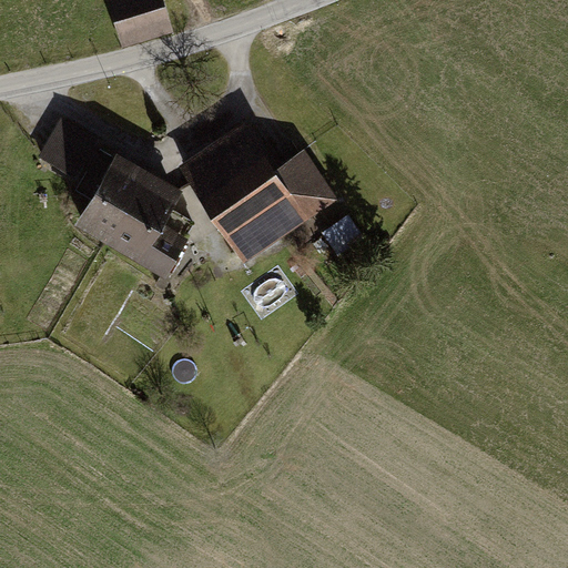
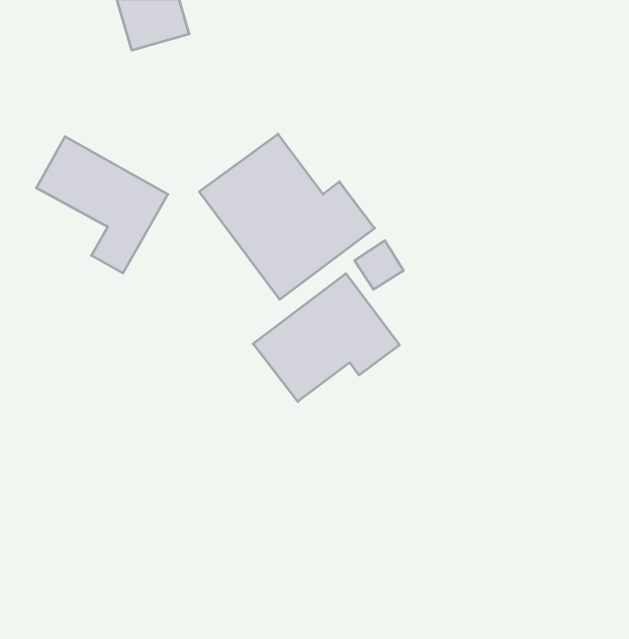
building: [109,172,194,278] -> none
building: none -> [253,274,399,402]

